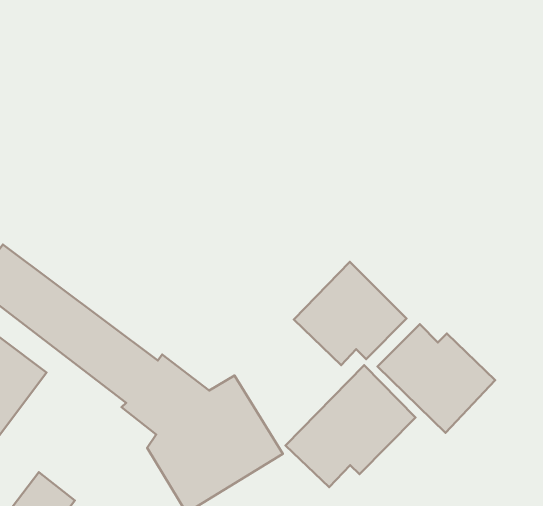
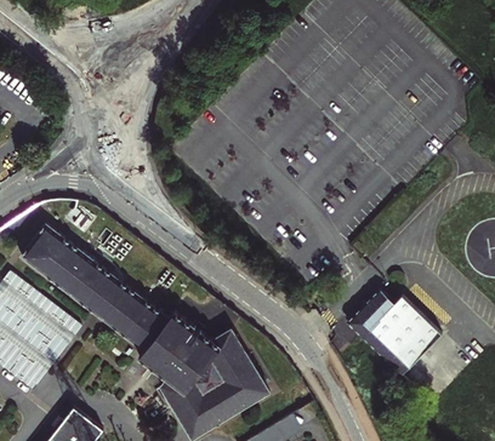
building: [294,262,406,365] -> none
building: [286,365,416,487] -> none

